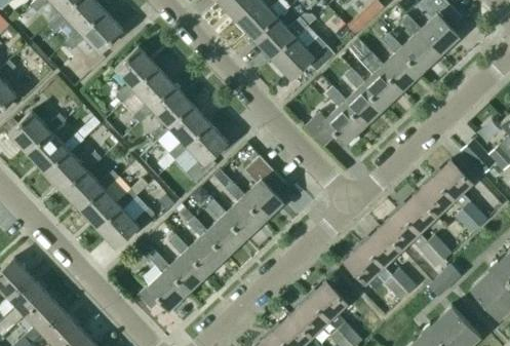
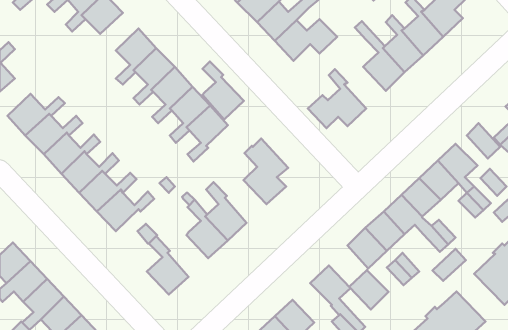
building: [342,69,383,125] -> none
building: [224,181,265,238] -> [202,61,244,120]
building: [167,234,207,292] -> none
building: [290,298,329,337] -> [349,270,389,310]

